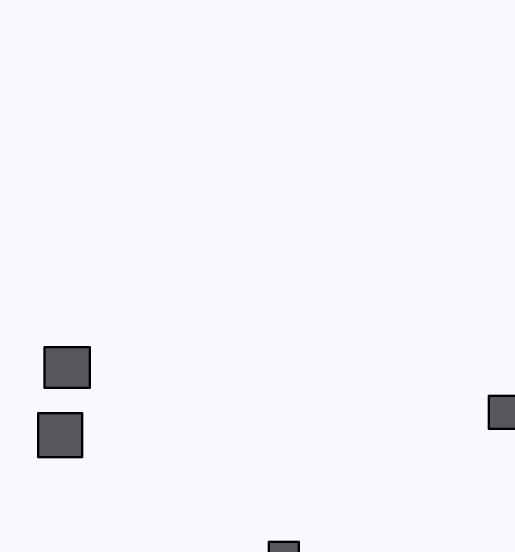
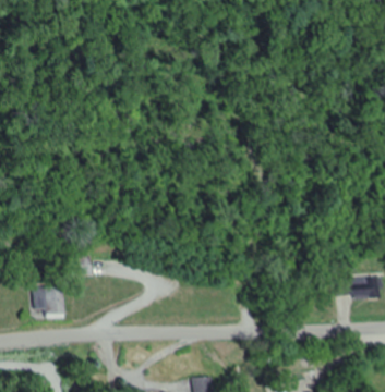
building: [44,347,90,388] -> none

